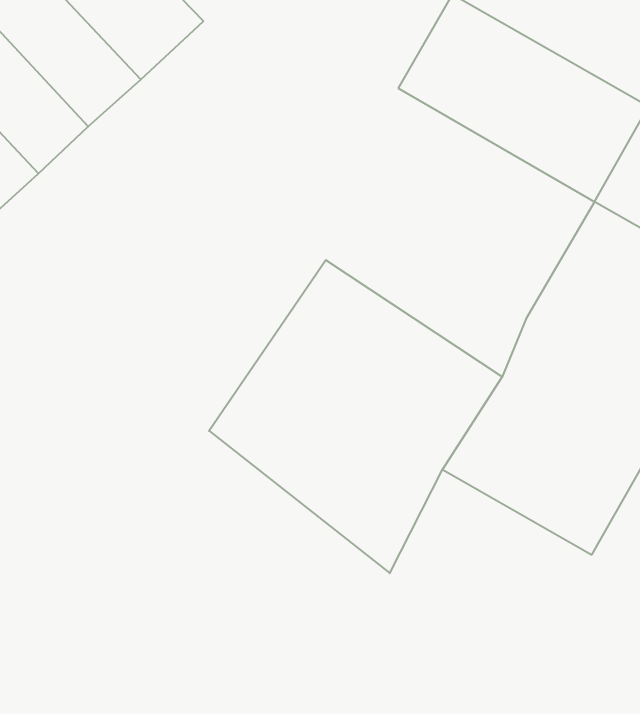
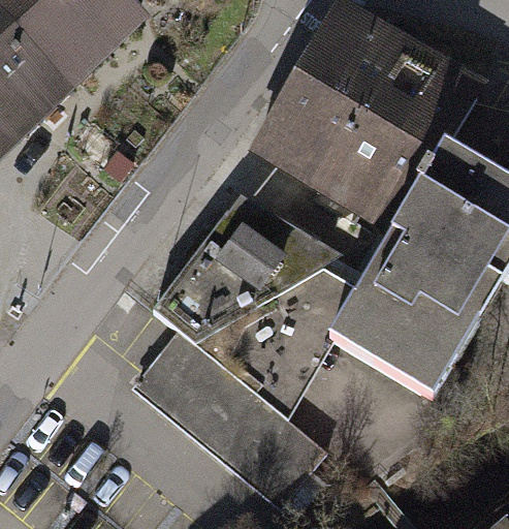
building: none -> [245,64,437,231]
building: none -> [126,313,327,503]

